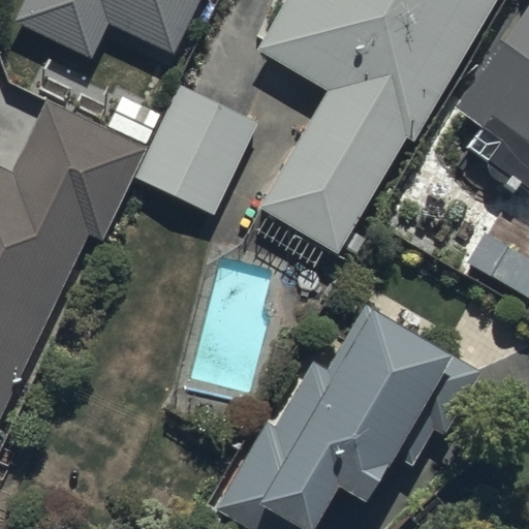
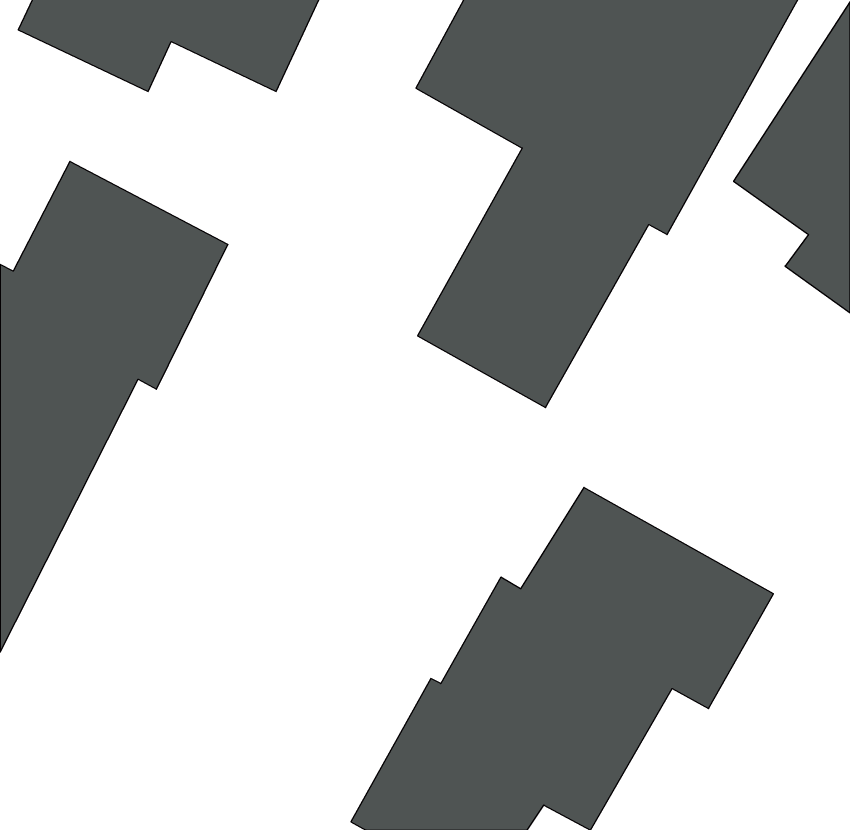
building: [135,84,255,215] -> none

